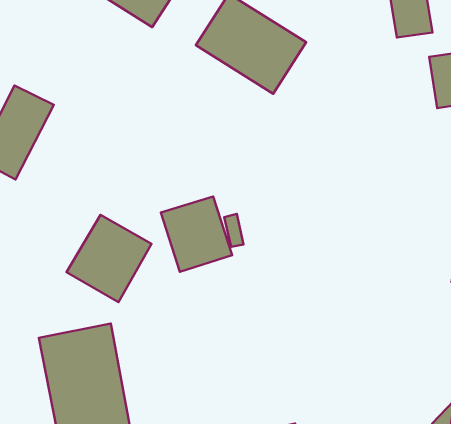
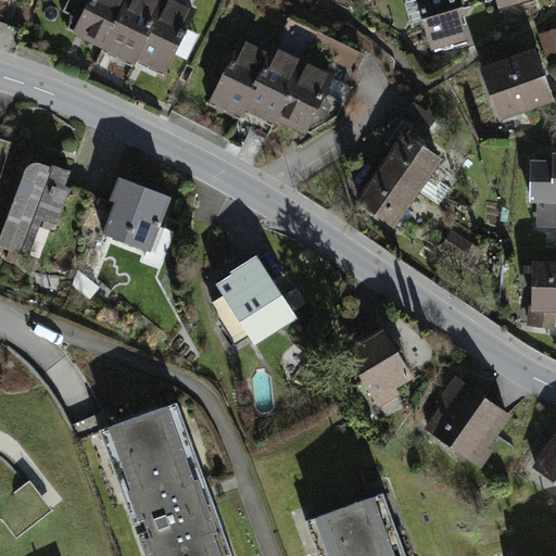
building: none -> [356,135,445,226]
building: [67,215,151,302] -> [92,172,180,264]
building: none -> [344,334,415,408]
building: none -> [425,381,511,468]

